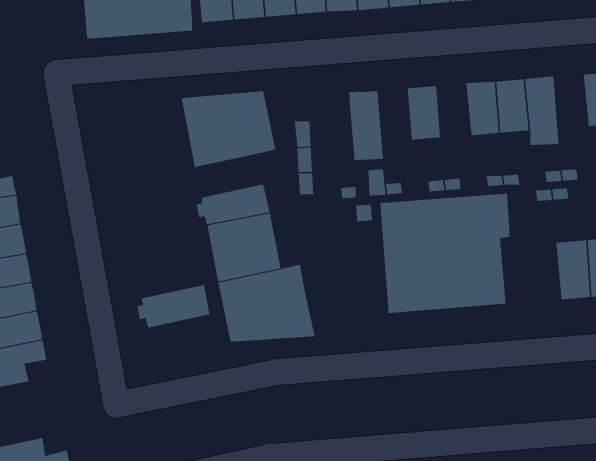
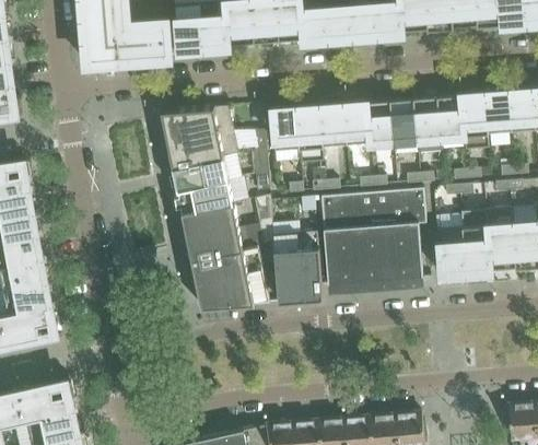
building: none -> [460,93,489,149]
building: none -> [366,99,394,143]
building: none -> [319,104,346,148]
building: none -> [270,107,299,151]
building: none -> [435,227,466,276]
building: none -> [272,231,321,302]
building: [137,284,210,328] -> [168,156,227,191]

